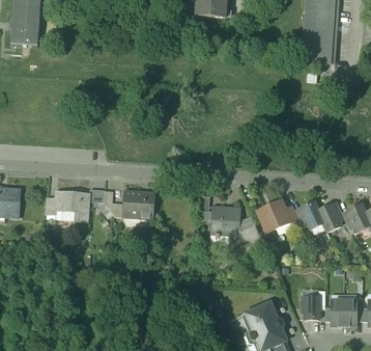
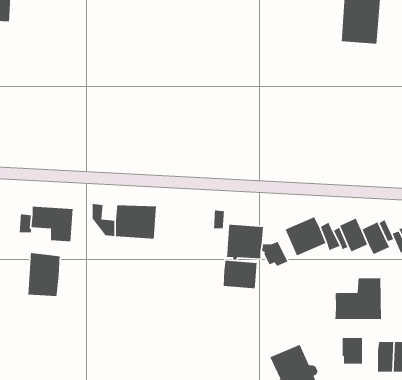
building: none -> [28,252,60,297]
building: none -> [223,260,258,289]
building: none -> [335,278,382,320]

